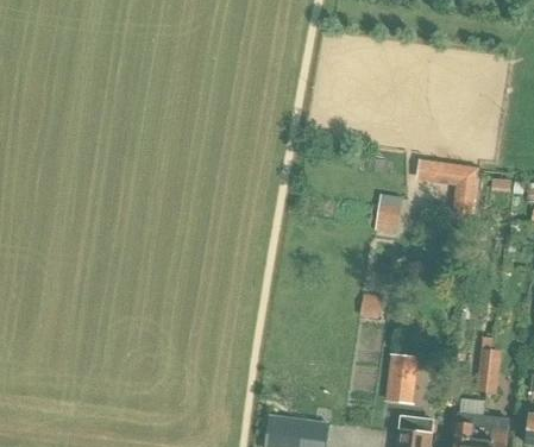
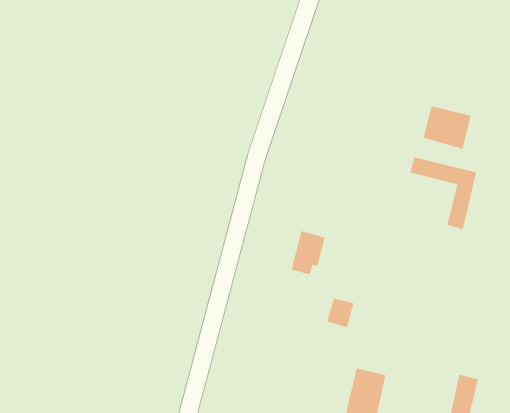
building: none -> [423,105,471,149]
building: [376,194,403,232] -> [291,231,325,275]

